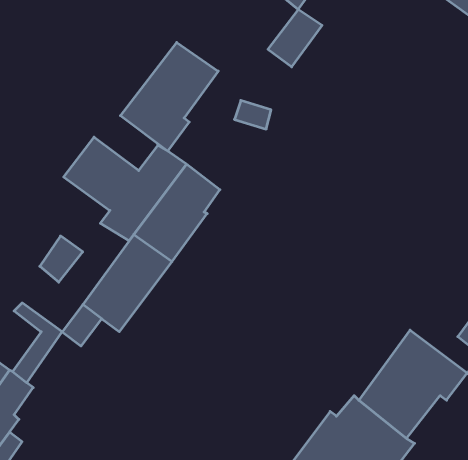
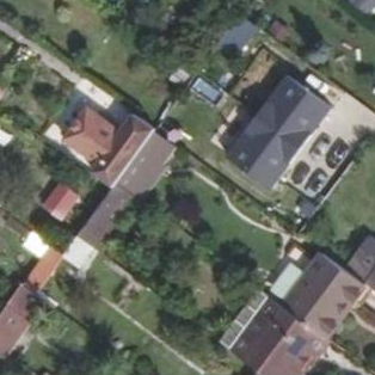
building: [120,42,218,151] -> none
building: none -> [227,74,331,189]

